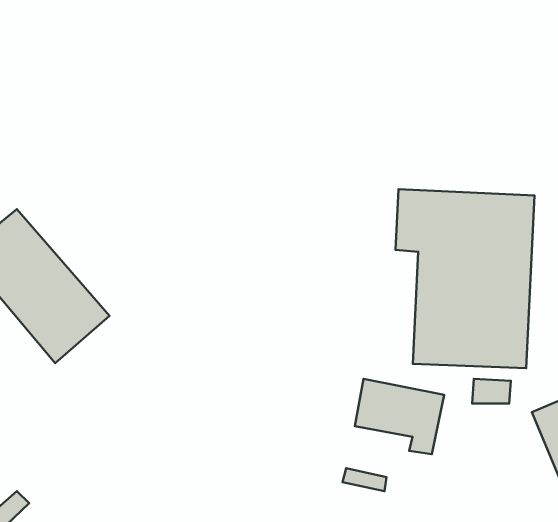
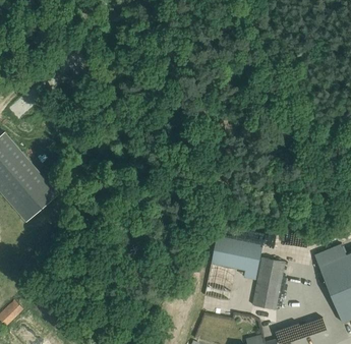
building: [395,189,534,368] -> none
building: none -> [250,256,283,309]

